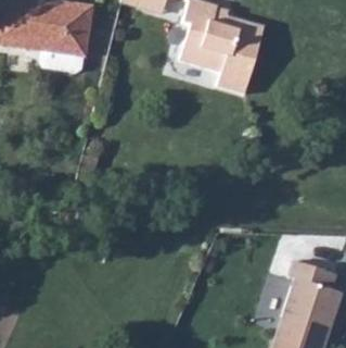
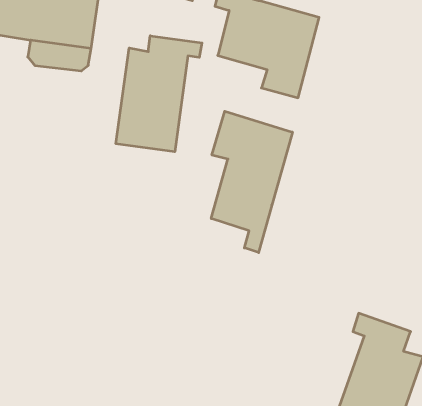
building: none -> [116,36,202,152]
building: none -> [211,111,292,253]

